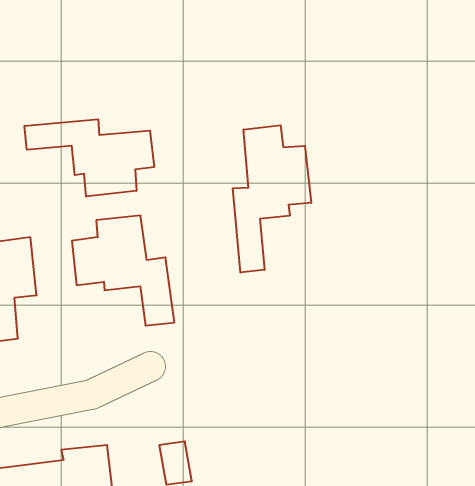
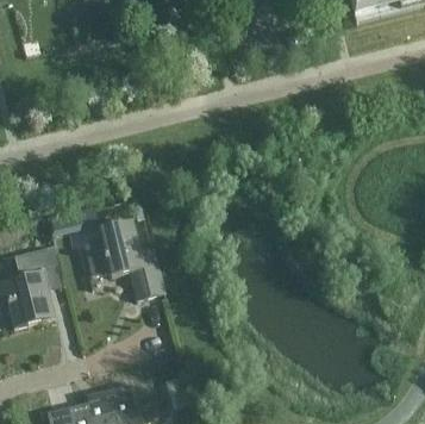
building: [24,119,154,197] -> none
building: [233,125,311,273] -> none

